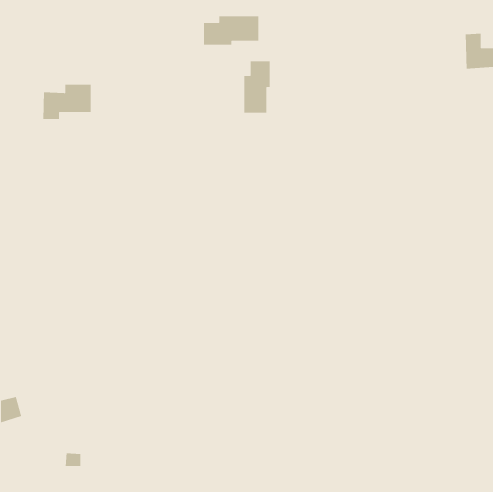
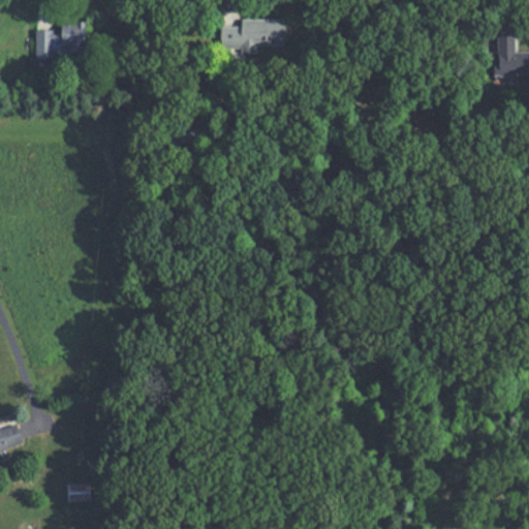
building: [244,61,271,114] -> none
building: [42,84,92,120] -> [36,23,89,61]

